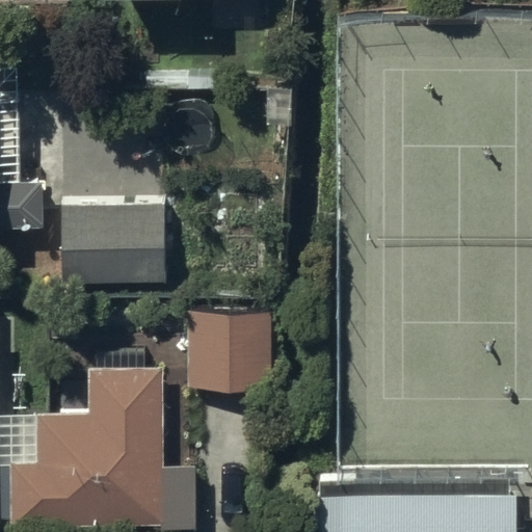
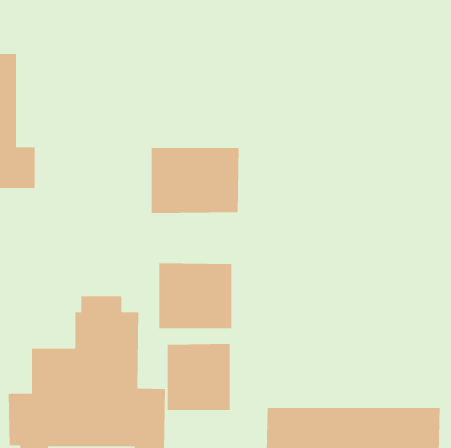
building: [60,206,164,284] -> [151,147,240,214]
building: none -> [167,343,230,411]

